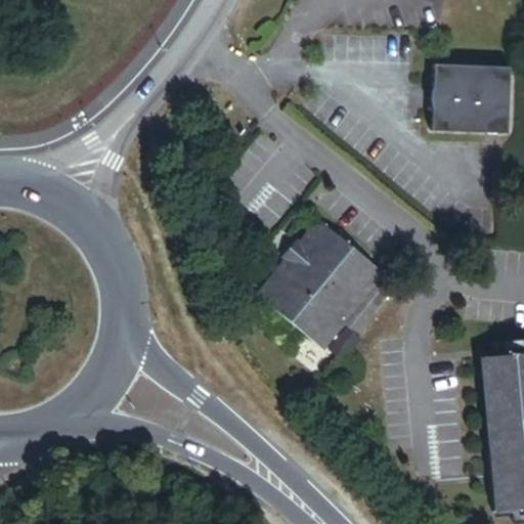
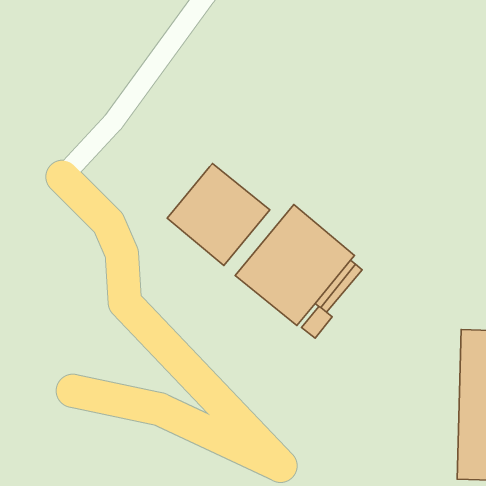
building: [429,62,507,132] -> none
building: none -> [167,163,270,265]

